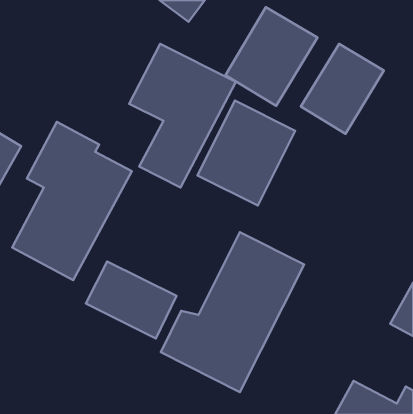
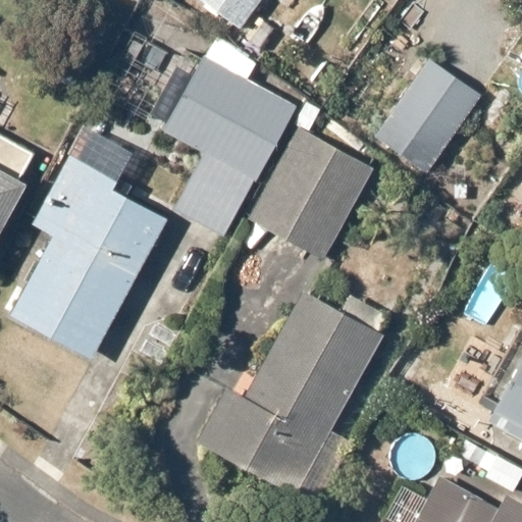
building: [225,7,317,106] -> none
building: [86,261,177,338] -> none

